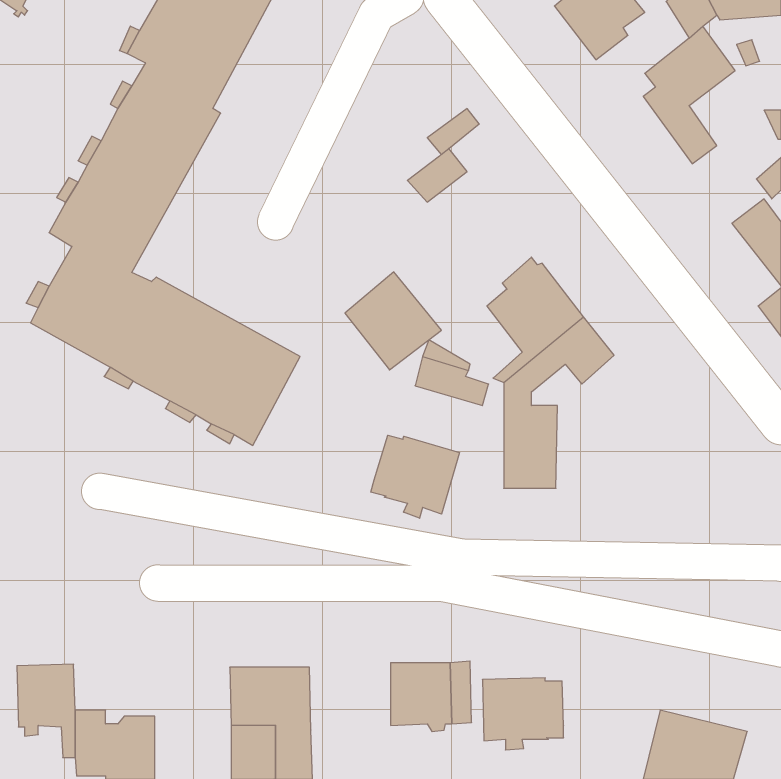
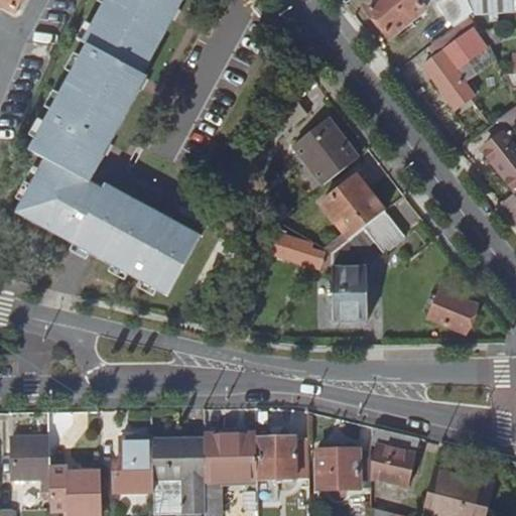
building: [345,272,441,370] -> [294,119,358,183]
building: [371,435,460,518] -> none
building: none -> [428,287,476,332]
building: none -> [370,424,419,486]
building: none -> [204,431,257,481]
building: none -> [113,439,152,497]

